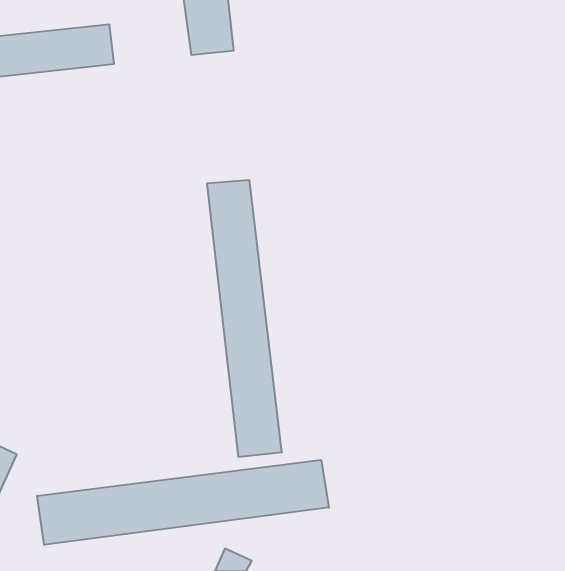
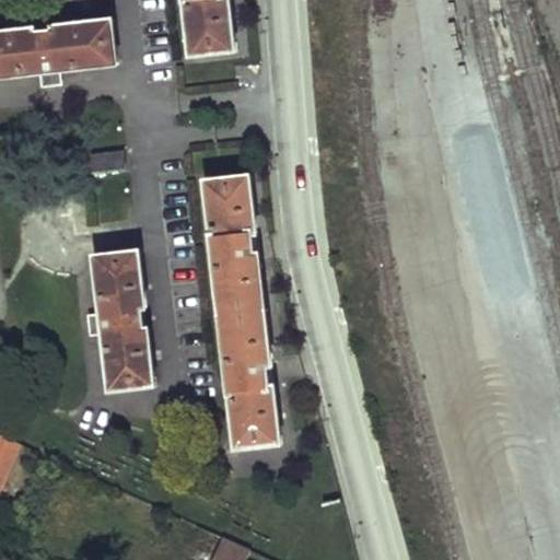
building: none -> [91,249,150,389]
building: [37,460,329,545] -> none

